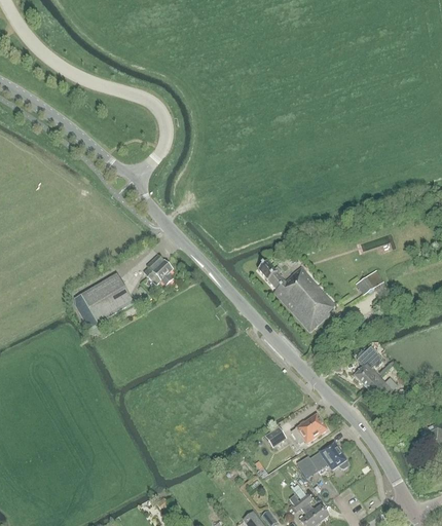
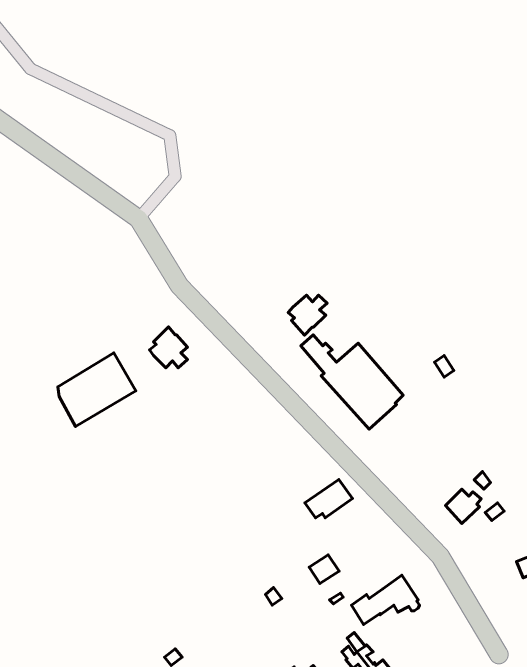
building: none -> [288,295,327,335]
building: [354,345,381,388] -> none
building: [291,414,327,443] -> [305,479,352,518]

